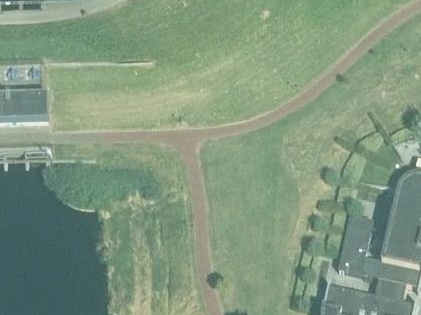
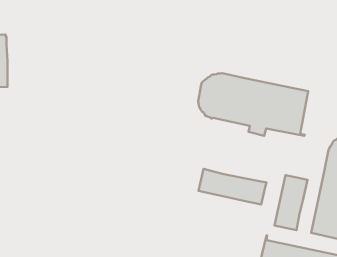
building: none -> [198,73,308,136]
building: none -> [198,169,266,205]

